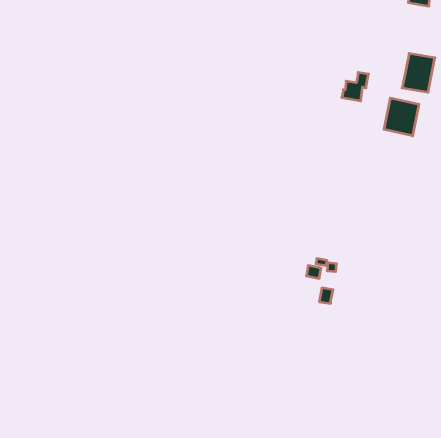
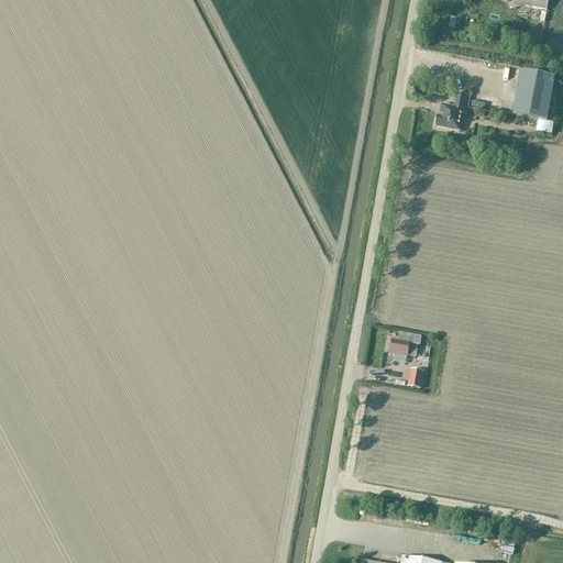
building: [384,98,419,136] -> none

